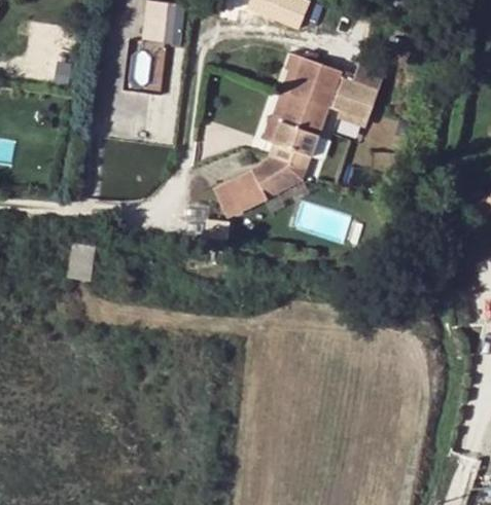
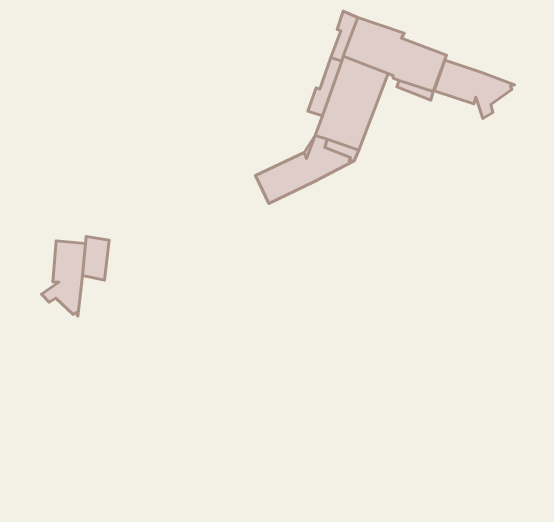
building: none -> [434,60,515,119]
building: none -> [42,241,85,316]

